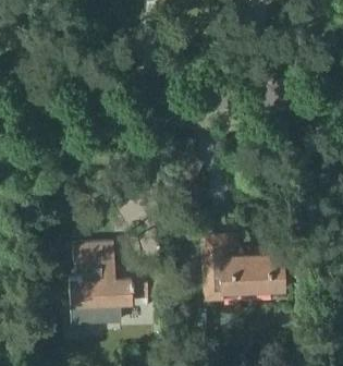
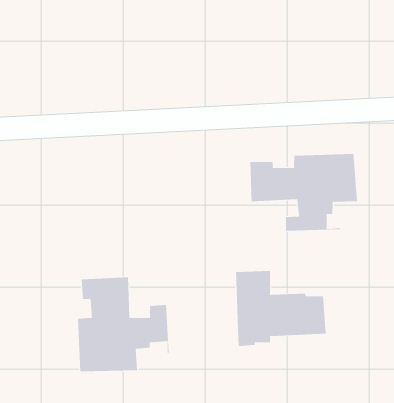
building: none -> [250,153,357,232]

